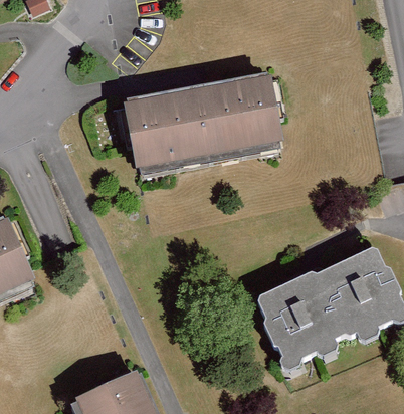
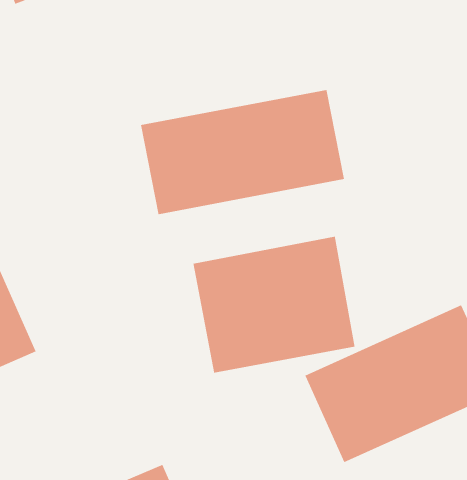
building: none -> [193,236,355,373]

